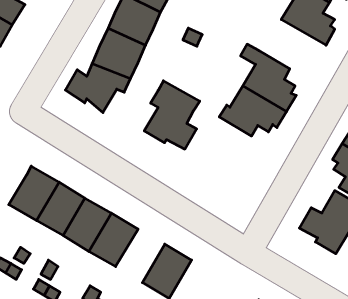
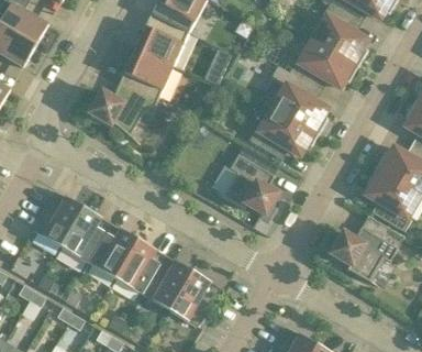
building: none -> [289,40,358,90]
building: [144,81,200,149] -> [223,144,280,214]
building: none -> [142,255,192,310]

